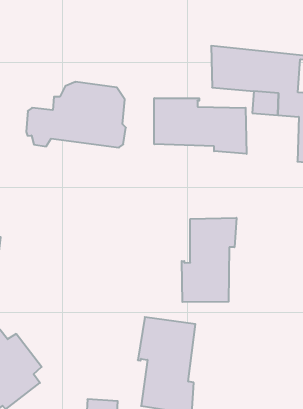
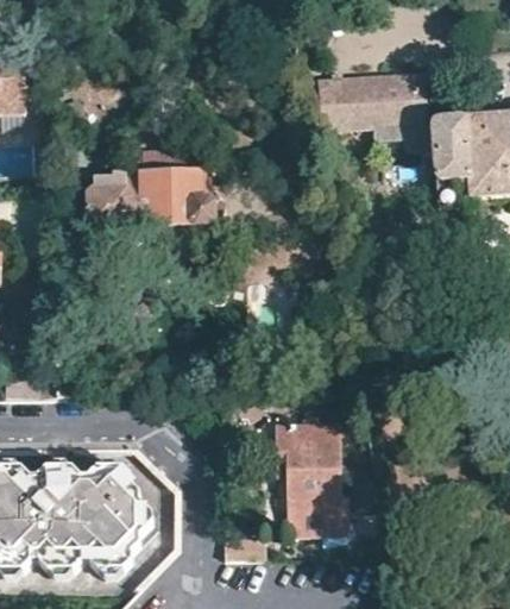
building: [154,98,247,154] -> none
building: [182,218,236,302] -> none

